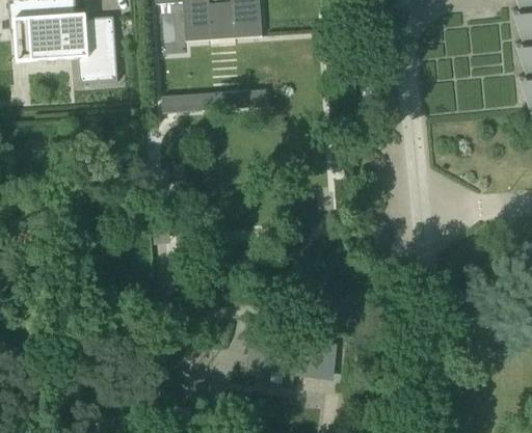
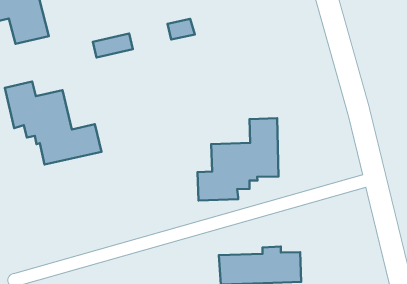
building: none -> [5,82,102,165]
building: none -> [198,118,278,200]

